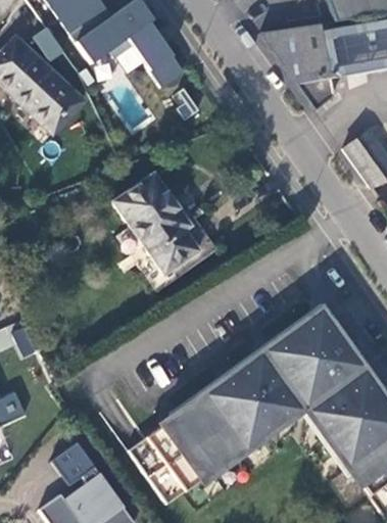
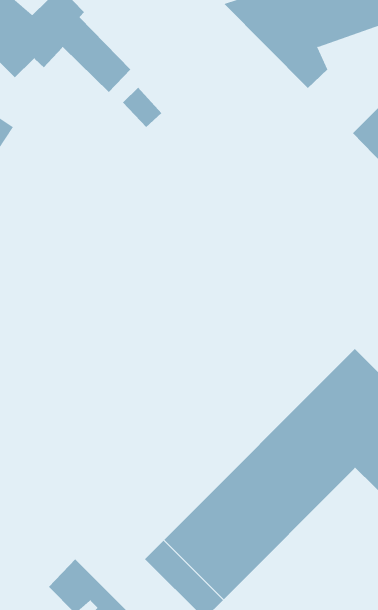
building: [113,172,199,274] -> none

